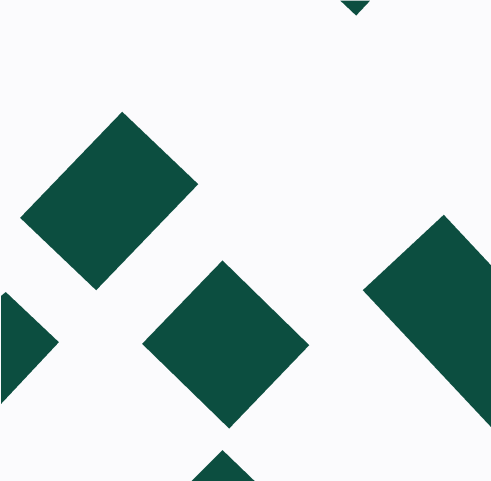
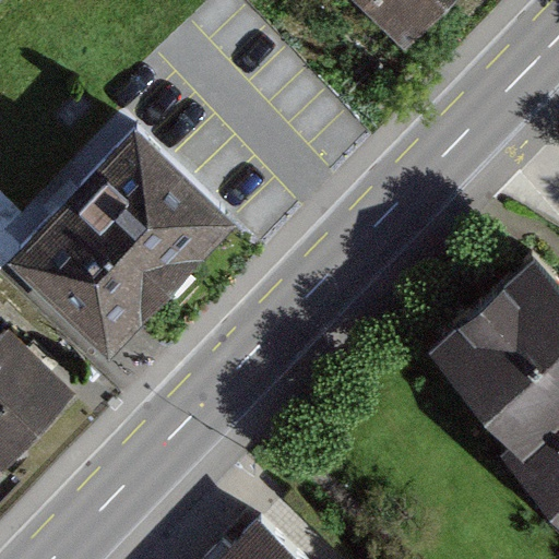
building: [141,260,310,429] -> none

